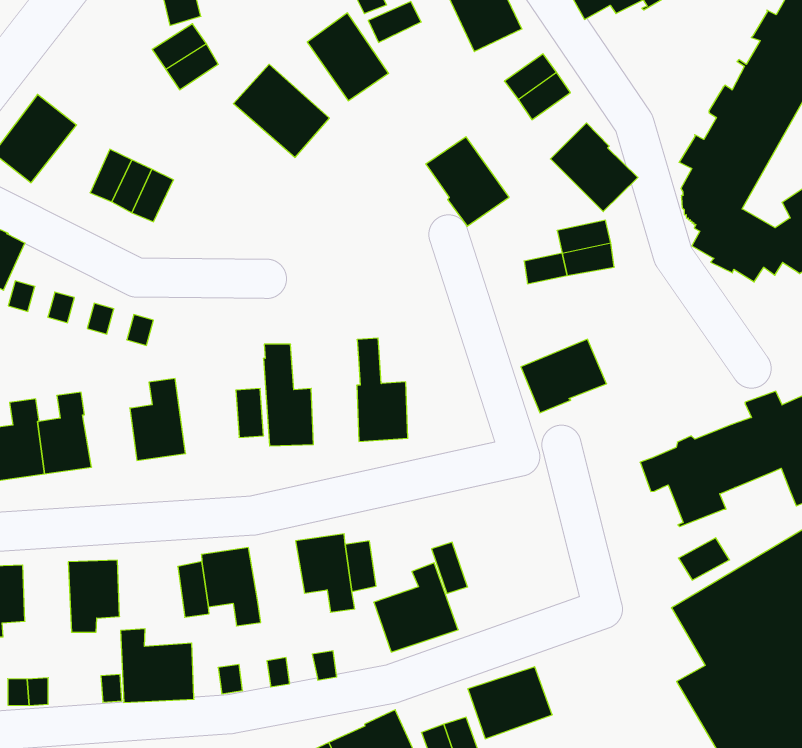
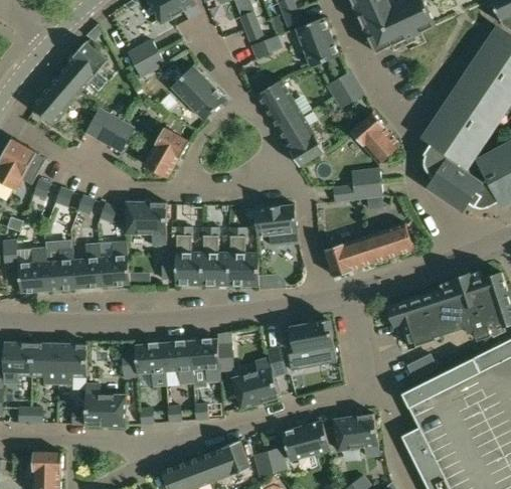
building: [307,13,389,101] -> [258,78,303,129]
building: none -> [59,41,108,93]
building: none -> [143,127,189,177]
building: none -> [253,203,298,244]
building: none -> [126,201,166,243]
building: none -> [364,222,413,262]
building: none -> [203,226,230,285]
building: none -> [72,243,102,289]
building: none -> [288,319,336,370]
building: none -> [162,339,193,383]
building: none -> [31,342,58,382]
building: none -> [333,413,379,456]

